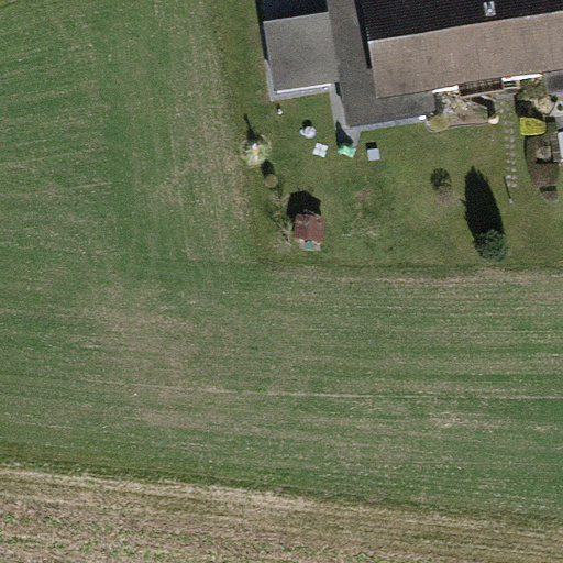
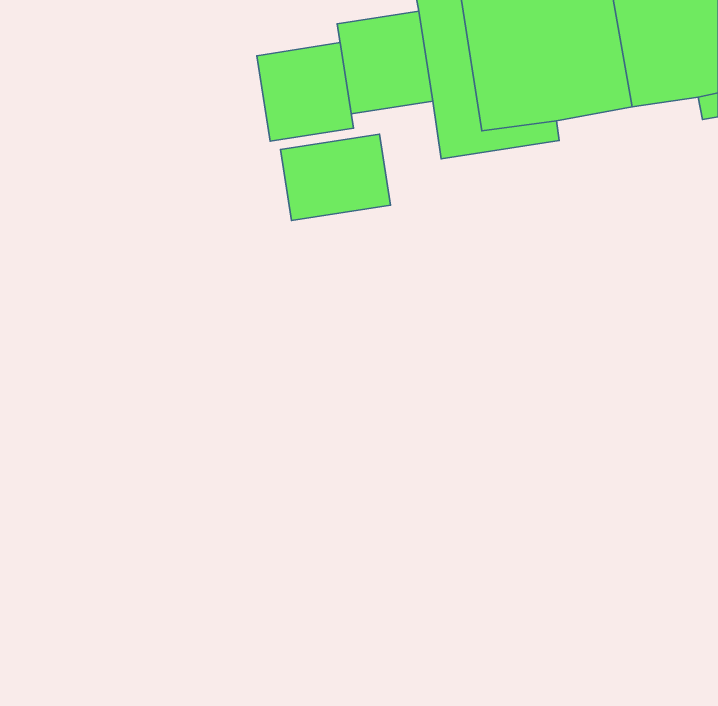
building: none -> [257,43,353,141]
building: none -> [281,134,391,221]

